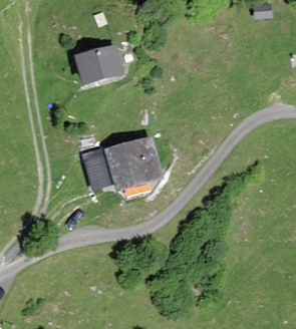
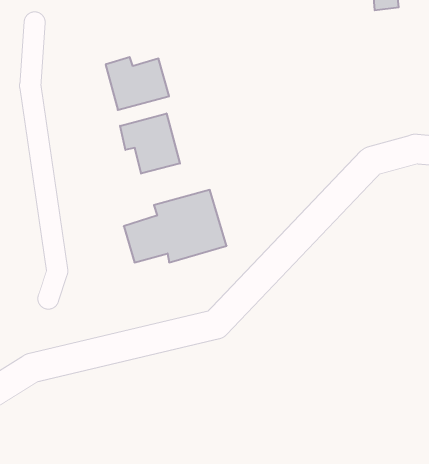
building: none -> [120,113,180,174]

